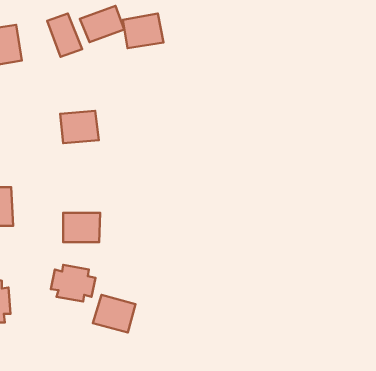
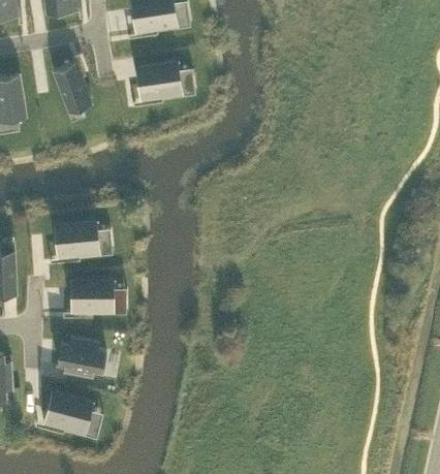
building: [80,6,124,42] -> none
building: [60,111,99,143] -> [56,223,98,258]
building: [93,295,135,333] -> [43,392,90,434]

